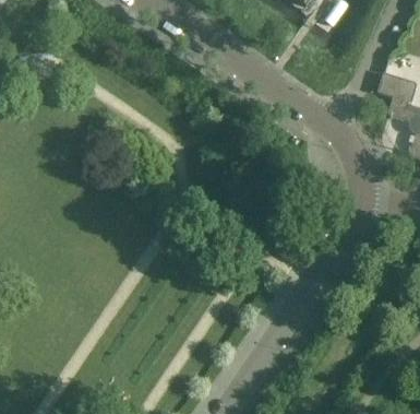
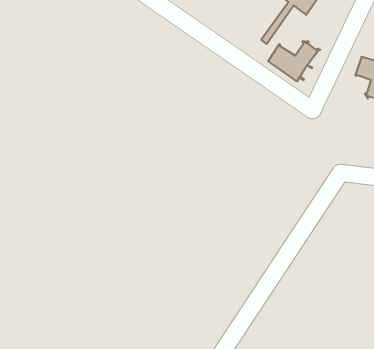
building: none -> [268,41,320,81]

